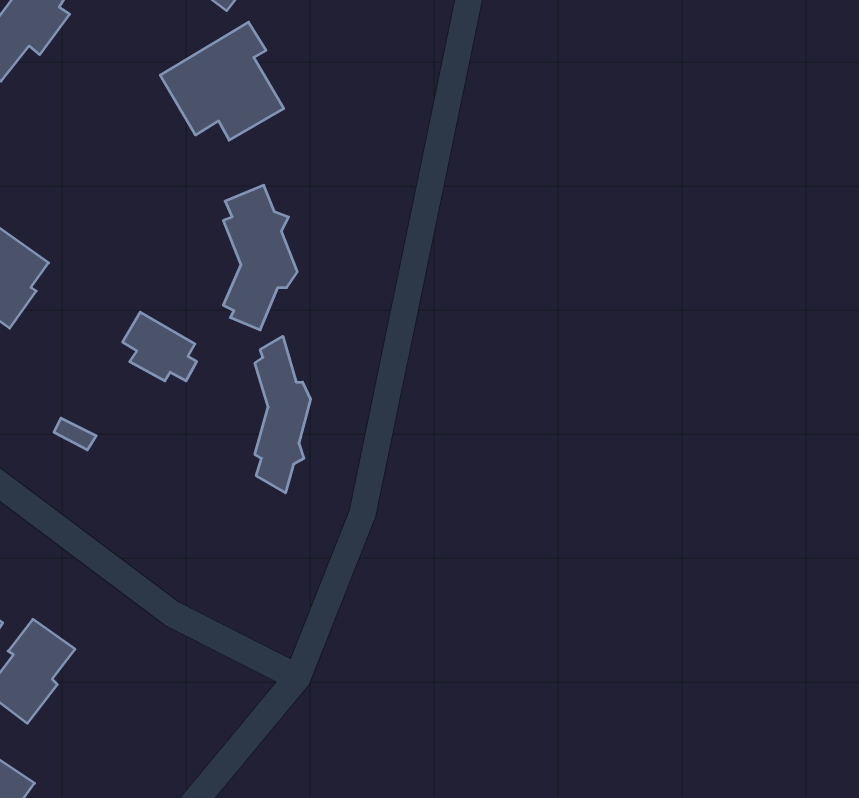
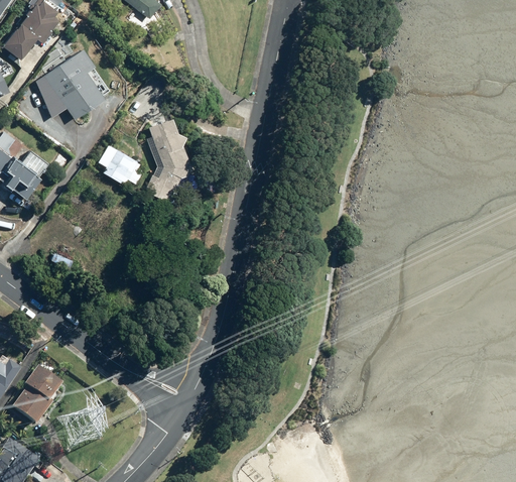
building: [160,22,284,140] -> [33,50,104,118]
building: [123,312,197,381] -> [99,144,141,184]
building: [255,336,311,493] -> none

